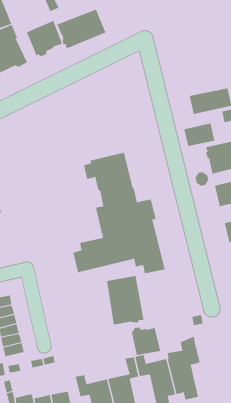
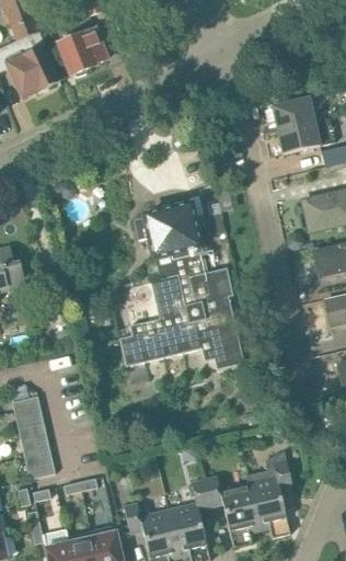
building: [57,9,106,49] -> none
building: [184,123,215,146] -> [272,98,314,129]
building: [106,275,144,326] -> none
building: [131,326,161,356] -> none

